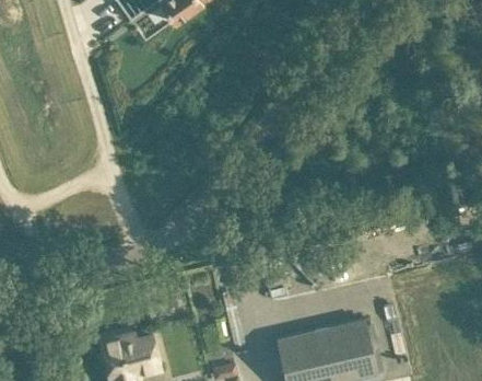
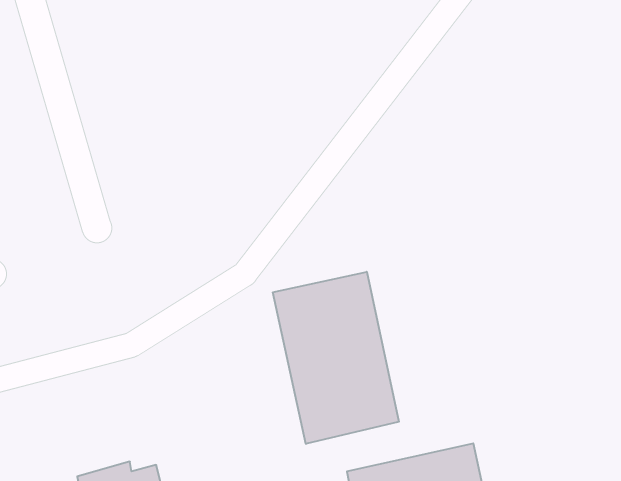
building: none -> [273,272,399,444]

